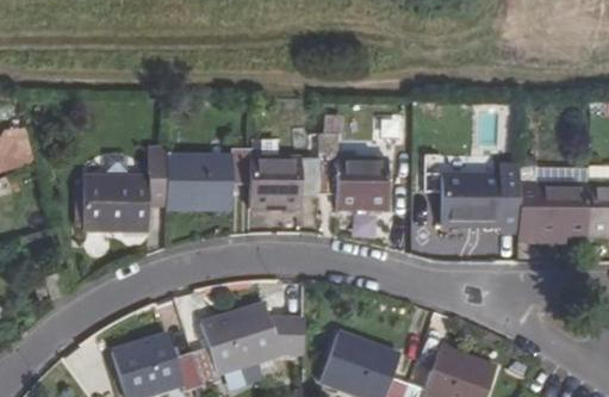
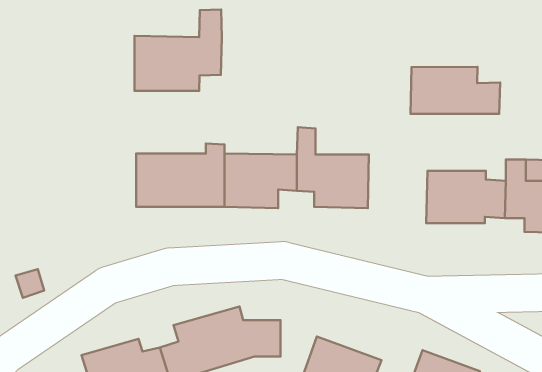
building: none -> [134,9,222,91]
building: none -> [411,67,500,114]
building: [83,155,166,230] -> none

